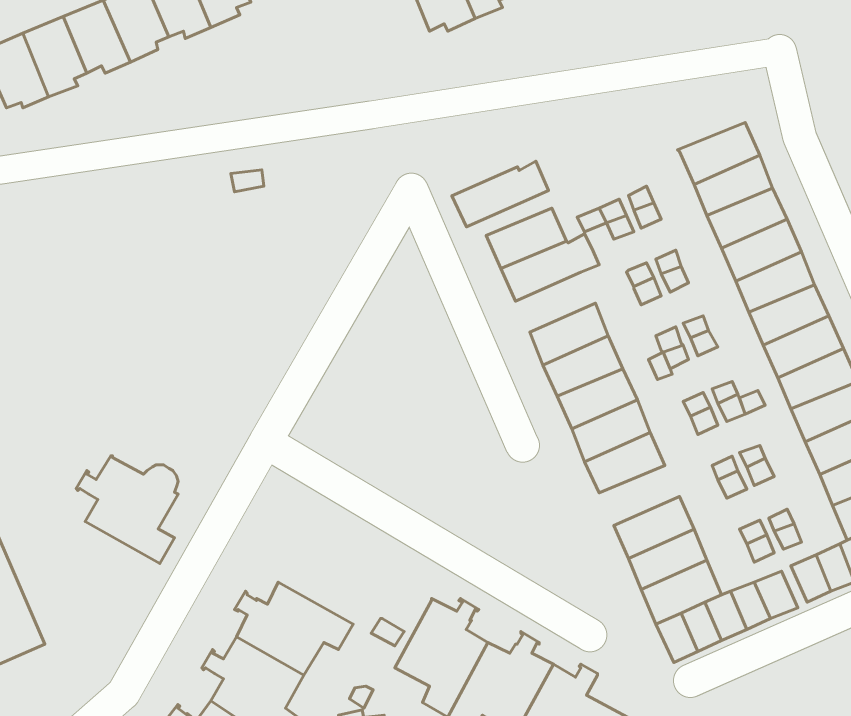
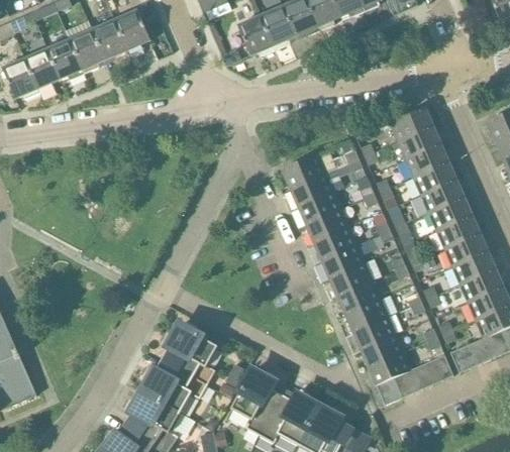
building: [452,161,548,227] -> [297,186,350,222]
building: [76,456,178,563] -> [161,324,217,383]
building: none -> [343,296,388,329]

